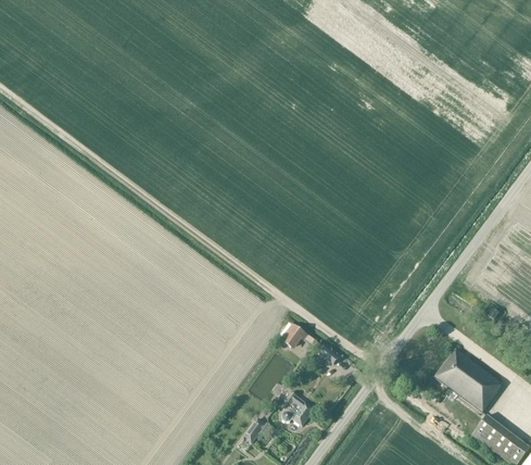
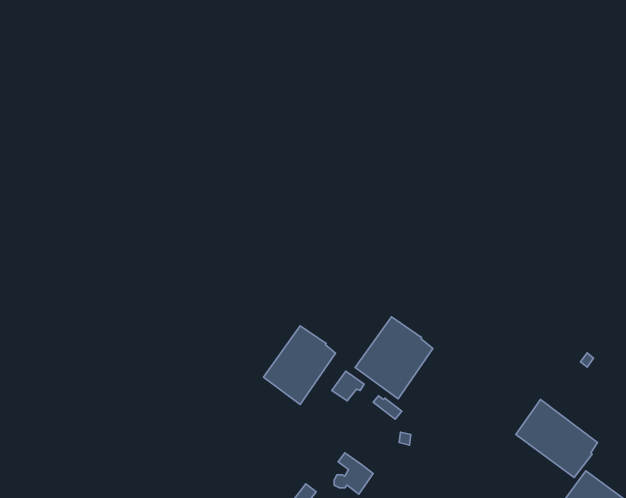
building: none -> [355,317,433,399]
building: none -> [263,326,336,404]

